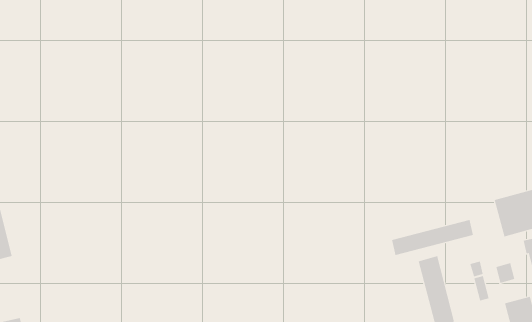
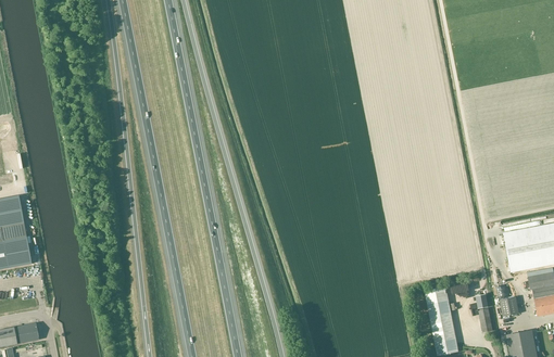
building: [391,219,473,256] -> none

